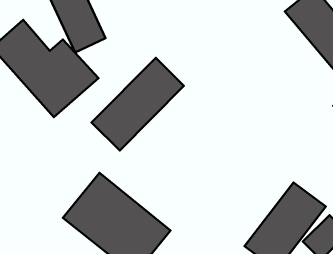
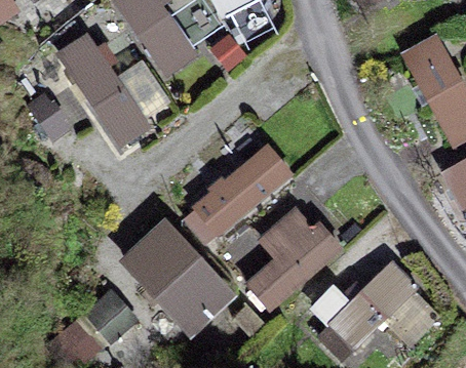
building: [92,58,184,150] -> [184,144,295,245]
building: none -> [234,206,342,314]

